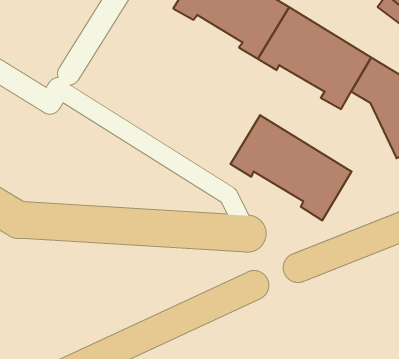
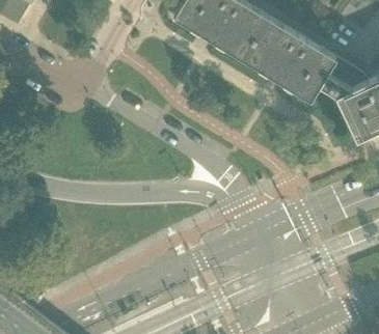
building: [231,115,352,221] -> none

